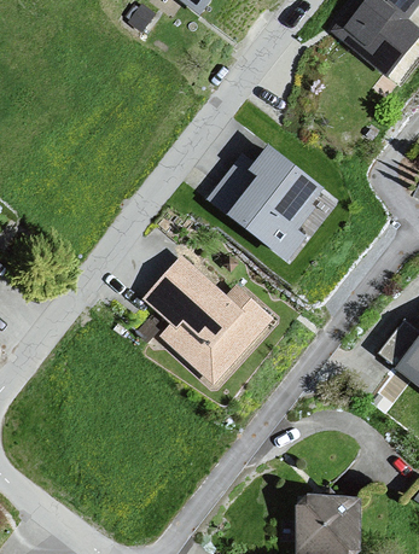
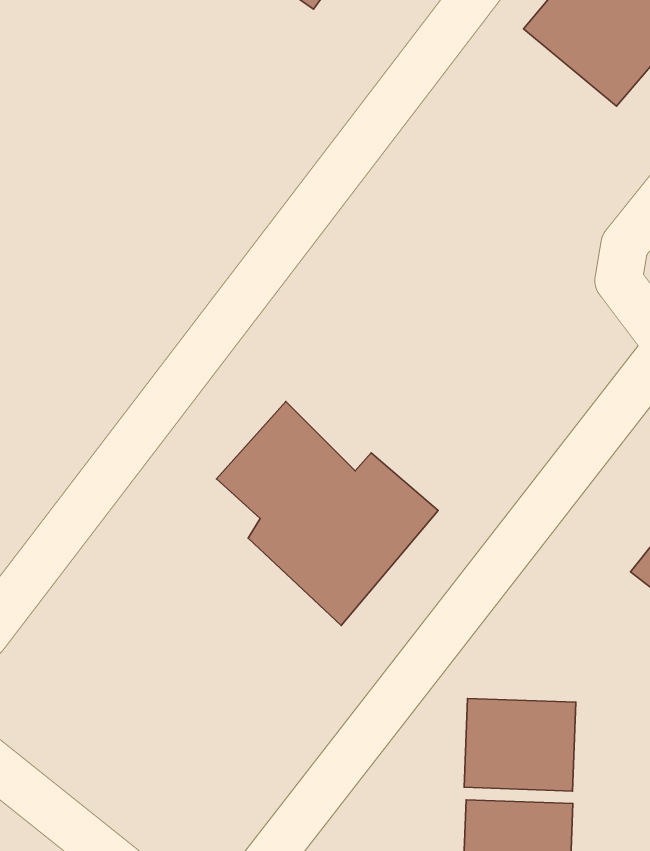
building: [209,146,324,262] -> none
building: none -> [464,698,576,791]

